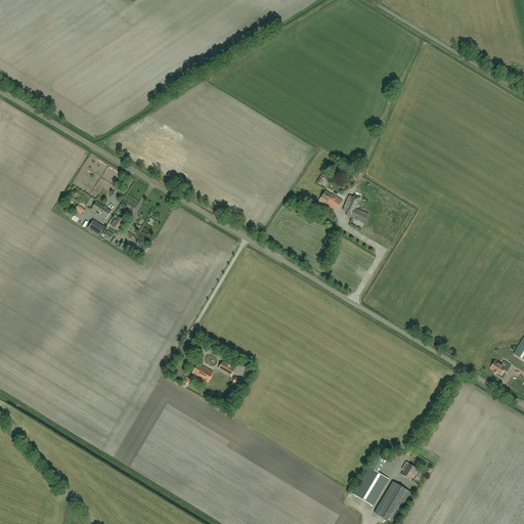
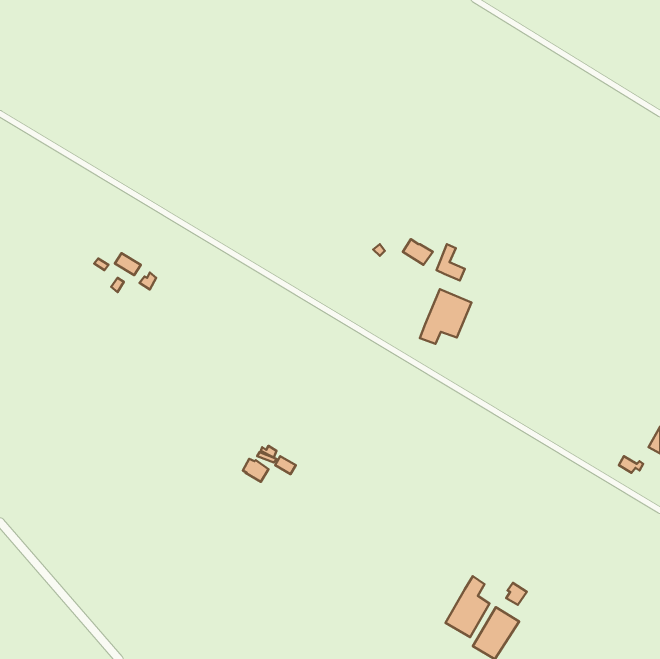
building: none -> [420,289,471,344]

